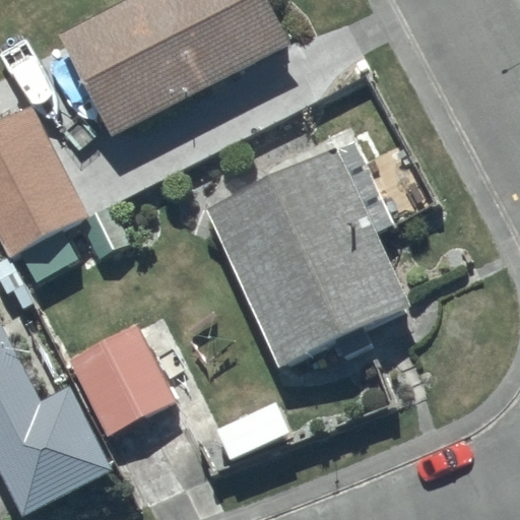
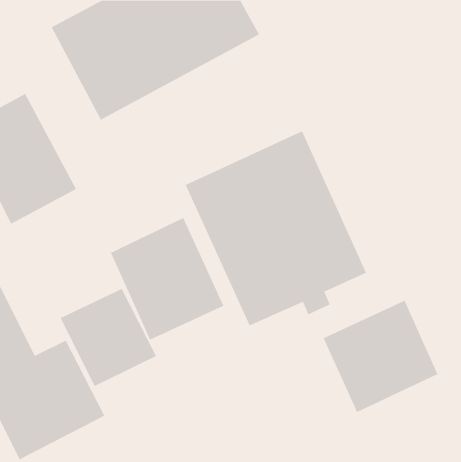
building: none -> [110,217,224,341]
building: none -> [323,300,438,413]

